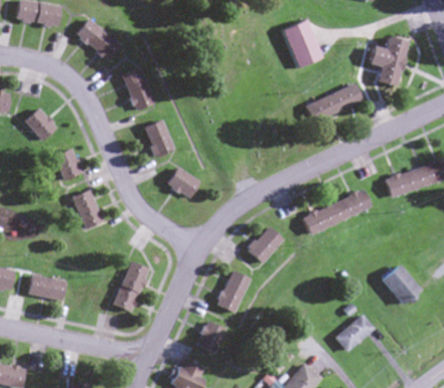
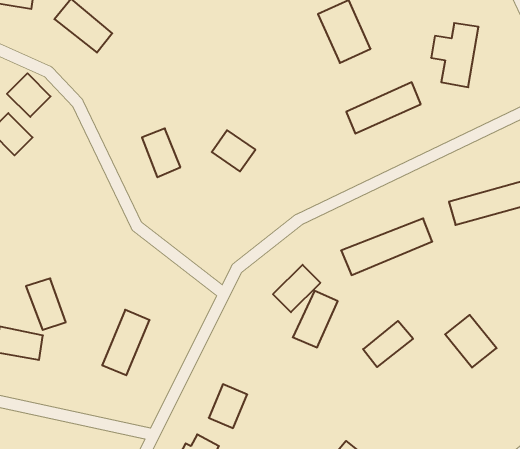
building: [121,67,155,112] -> none
building: none -> [7,73,51,117]
building: [55,149,83,180] -> none
building: [166,167,200,199] -> [212,130,255,171]
building: [71,189,103,229] -> [26,278,66,330]
building: [215,270,251,315] -> [293,291,338,347]
building: [335,316,375,352] -> [363,321,413,367]

